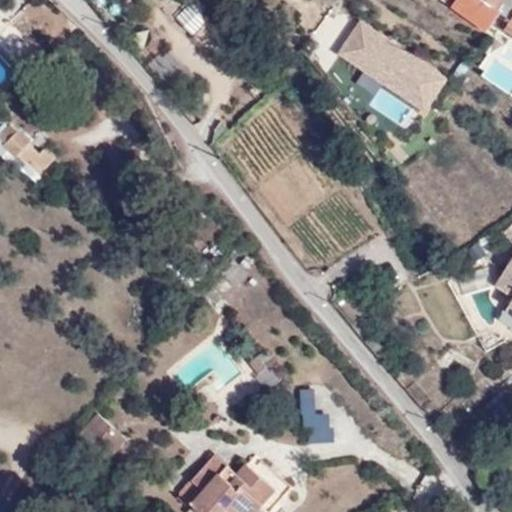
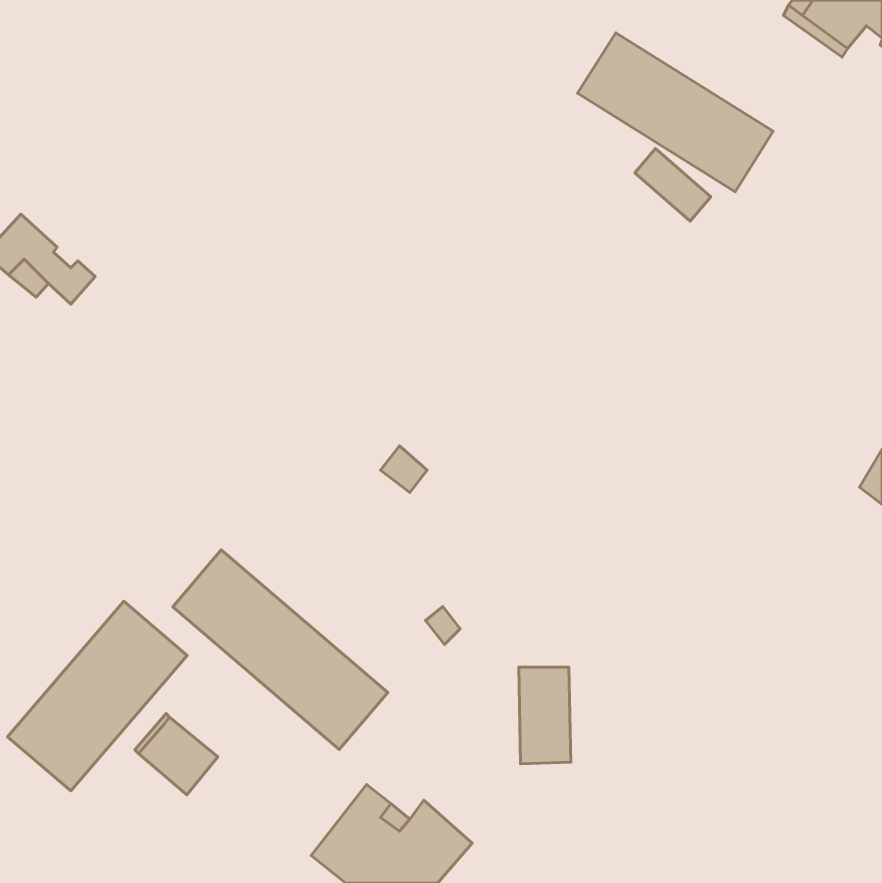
building: none -> [173,550,388,749]
building: none -> [8,601,187,791]

